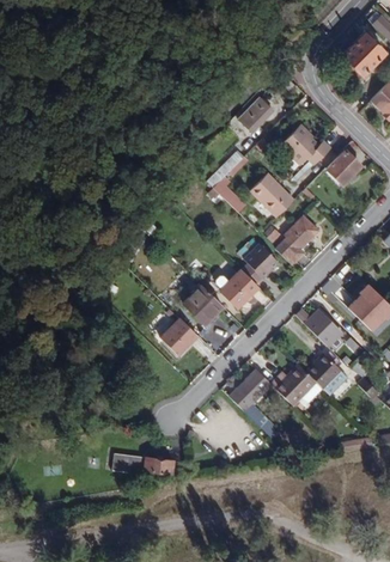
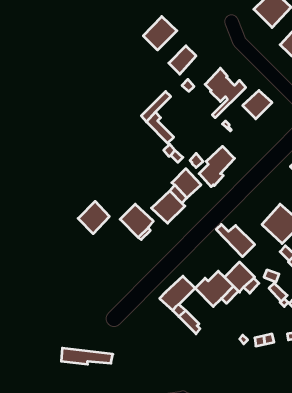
building: none -> [143,16,177,50]
building: [250,173,293,216] -> none
building: [159,317,196,355] -> [78,201,109,234]

